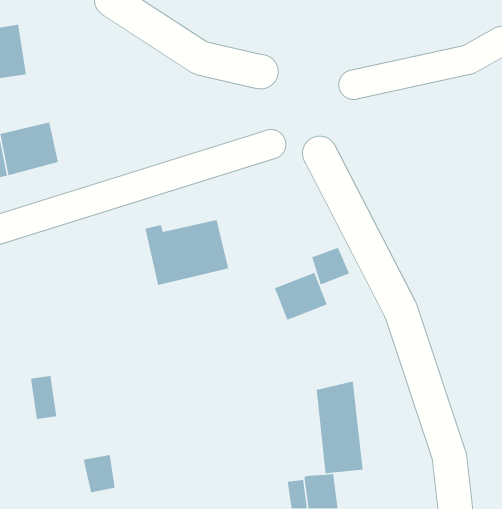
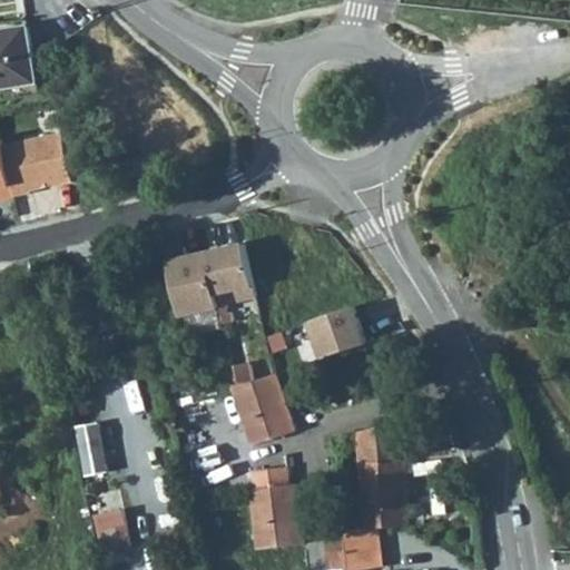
building: [311,247,350,286] -> none
building: none -> [233,374,295,446]
building: [30,375,57,420] -> [77,425,107,475]
building: none -> [247,470,299,551]

